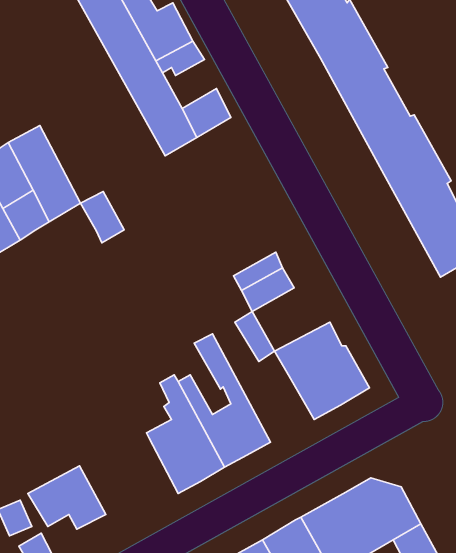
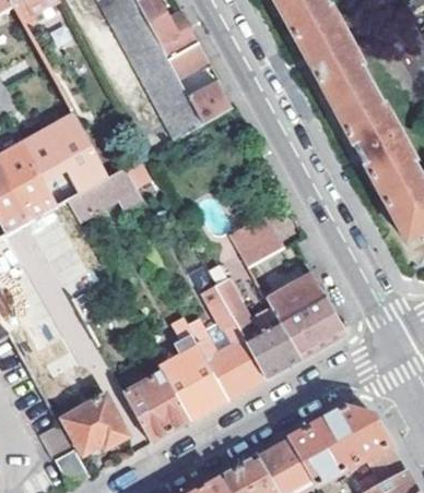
building: none -> [69,178,119,221]
building: none -> [215,280,299,375]
building: none -> [123,372,187,440]

